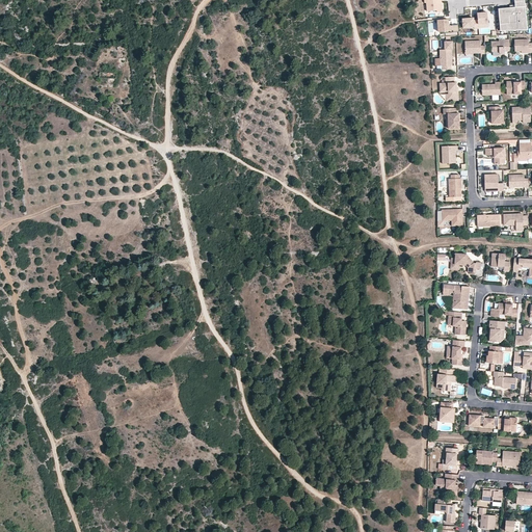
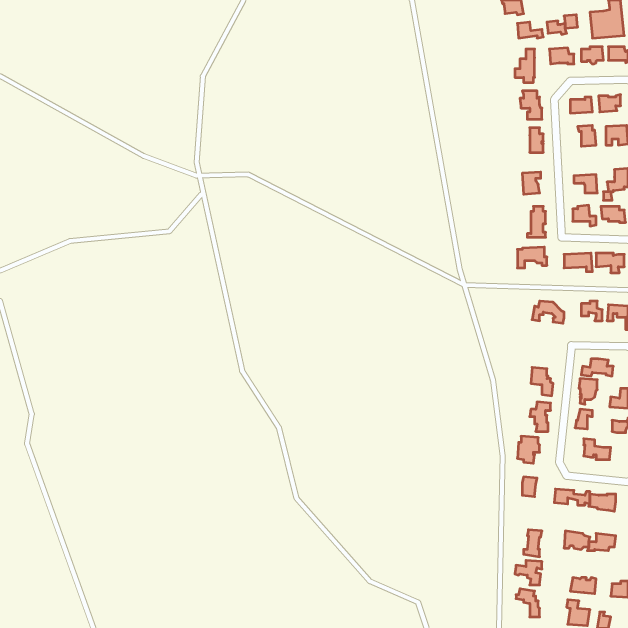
building: [444,283,470,309] -> none

